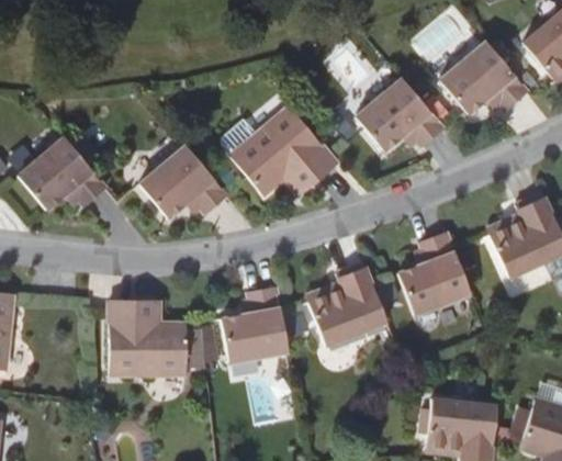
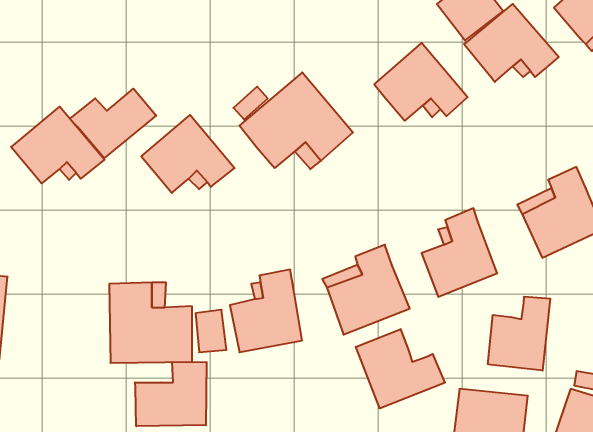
building: none -> [70,89,156,158]
building: none -> [488,297,550,371]
building: none -> [356,329,445,408]
building: none -> [135,362,207,426]

